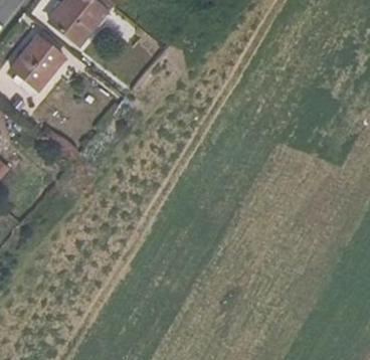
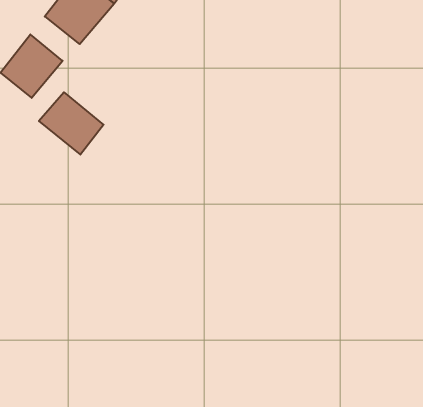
building: none -> [39,92,104,155]

